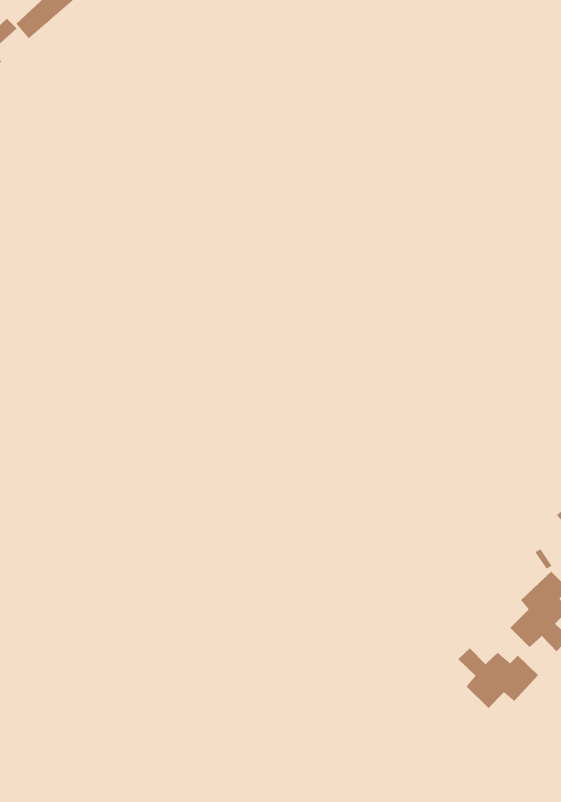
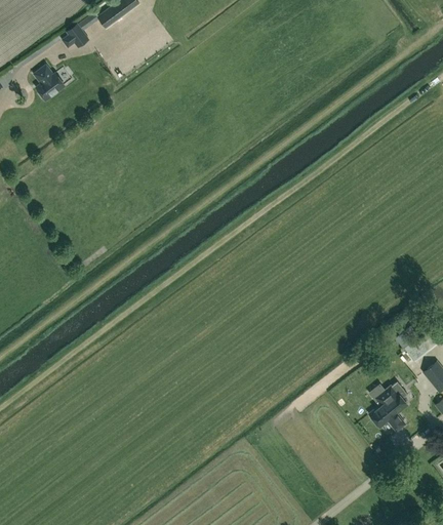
building: [458,647,539,709] -> none

